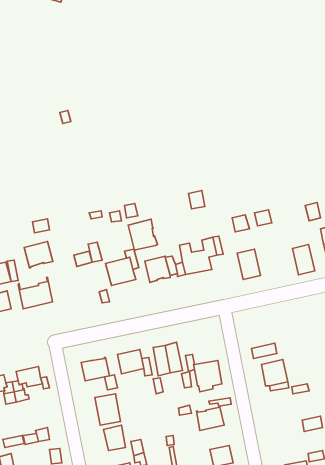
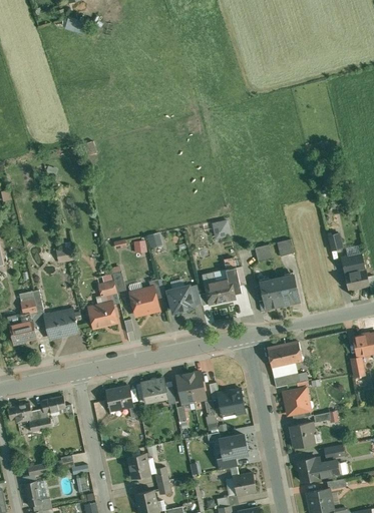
building: [128,219,158,251] -> none
building: [24,241,53,268] -> [88,302,116,328]
building: [292,245,315,275] -> [277,275,299,305]
building: none -> [268,341,303,367]
building: [95,394,120,425] -> none
building: none -> [291,422,315,447]
building: none -> [297,458,340,481]

